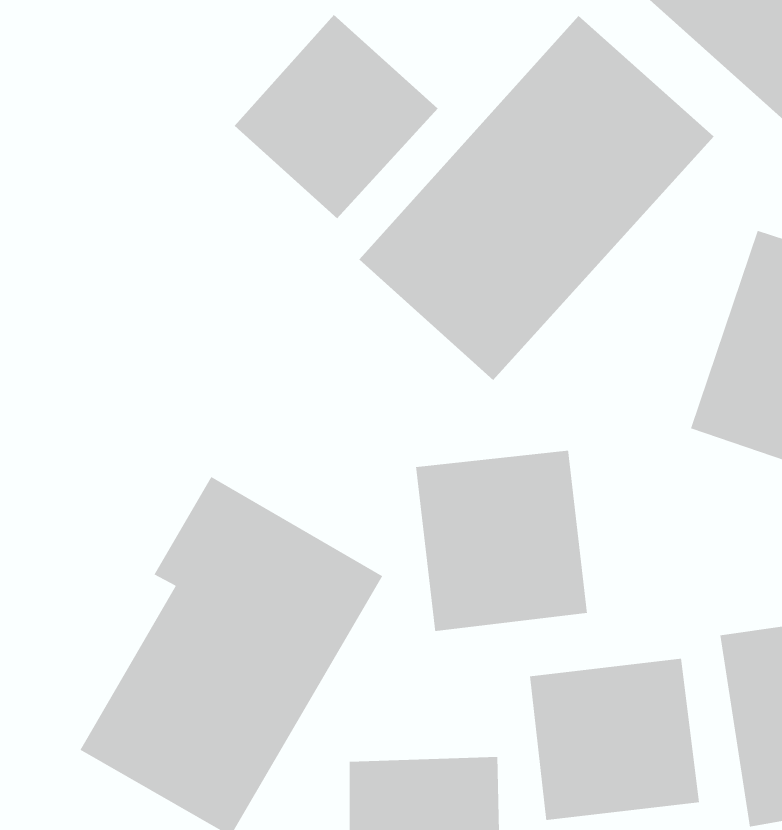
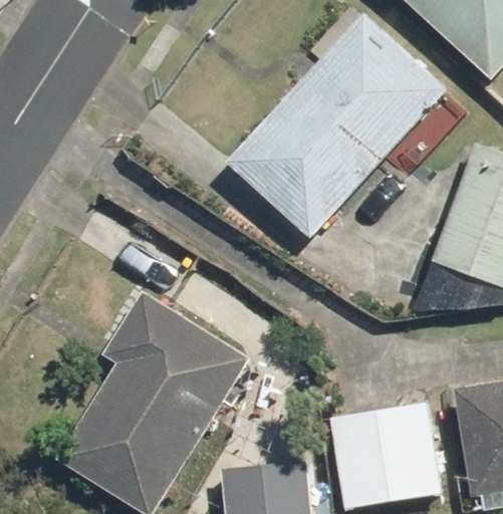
building: [234,14,438,219] -> none
building: [416,450,588,632] -> none

